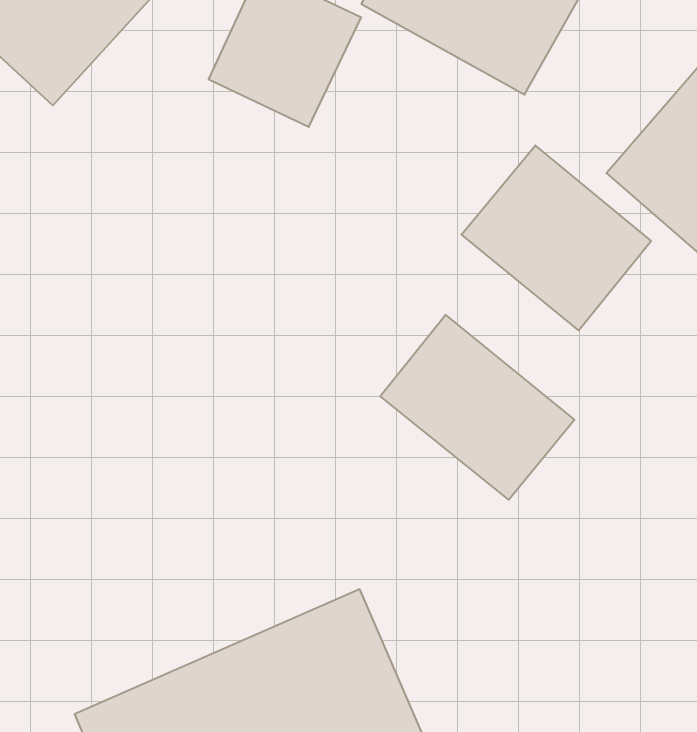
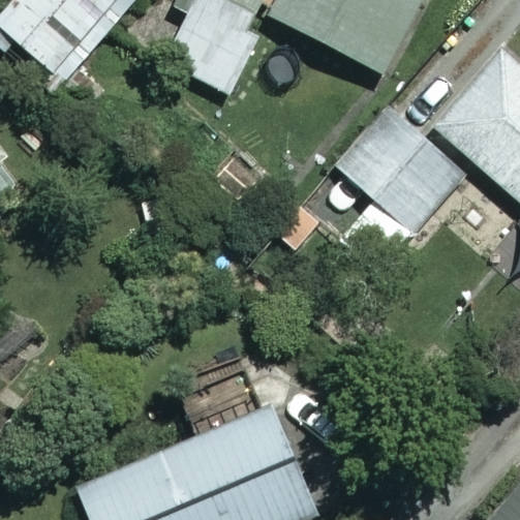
building: [380,315,574,500] -> none

